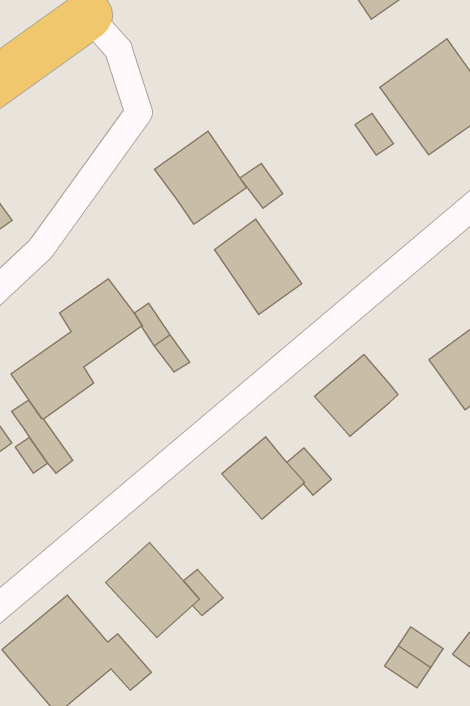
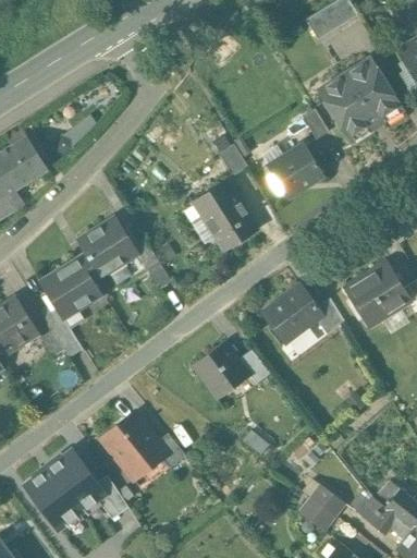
building: [155,131,246,224] -> none
building: none -> [272,144,323,197]
building: none -> [315,296,344,335]

